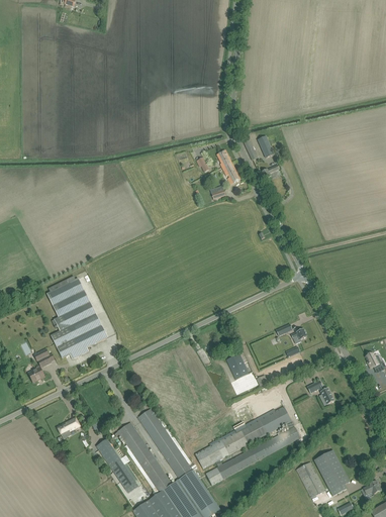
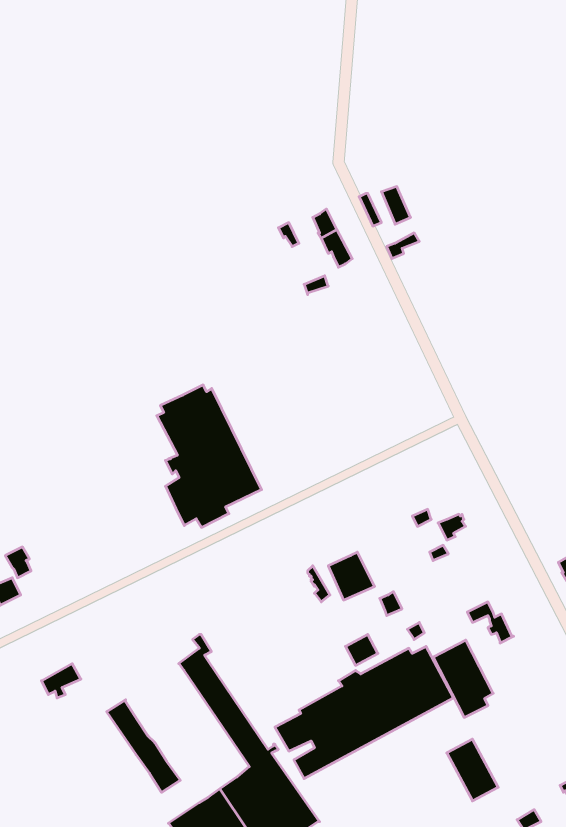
building: [46,276,108,359] -> [157,385,262,527]
building: [115,422,173,496] -> none
building: [314,450,350,496] -> [433,640,493,717]

